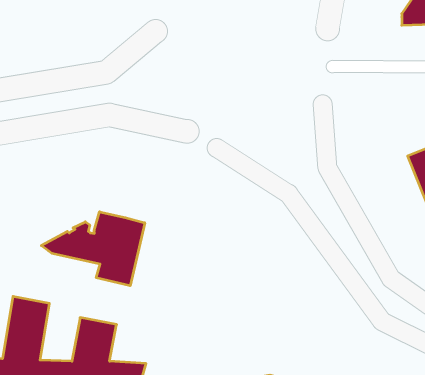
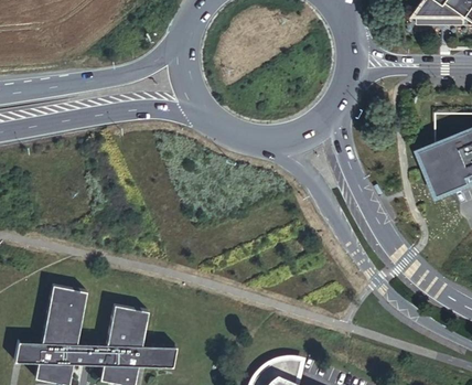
building: [41,212,145,286] -> none

